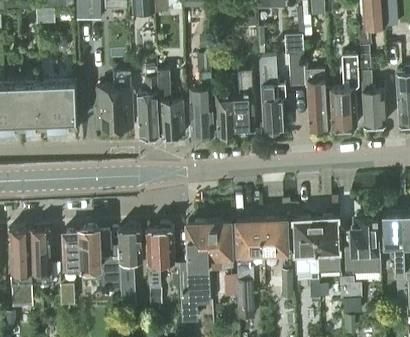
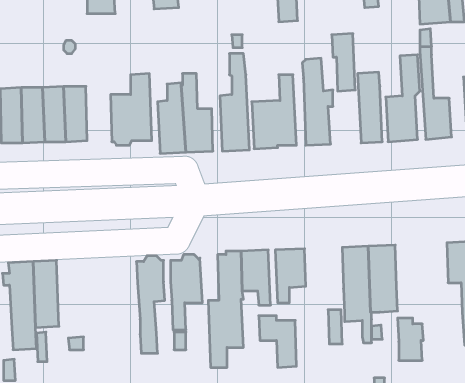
building: [344,214,380,274] -> none
building: [261,219,290,252] -> none
building: [63,228,121,280] -> none

